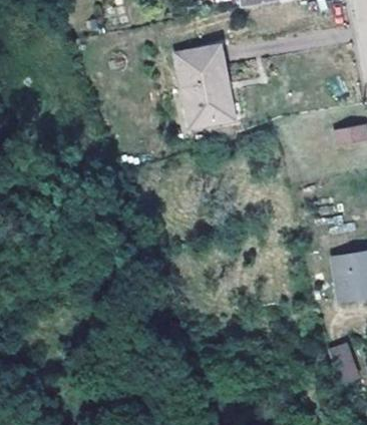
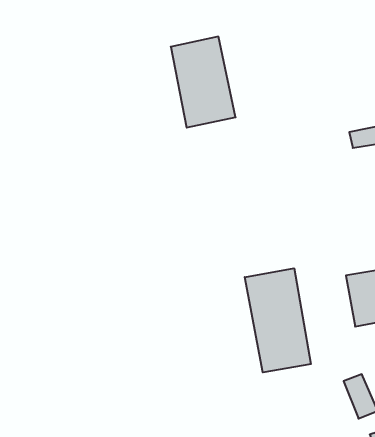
building: none -> [245,268,311,372]

